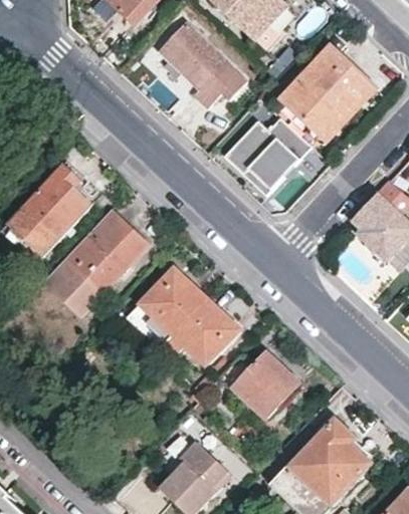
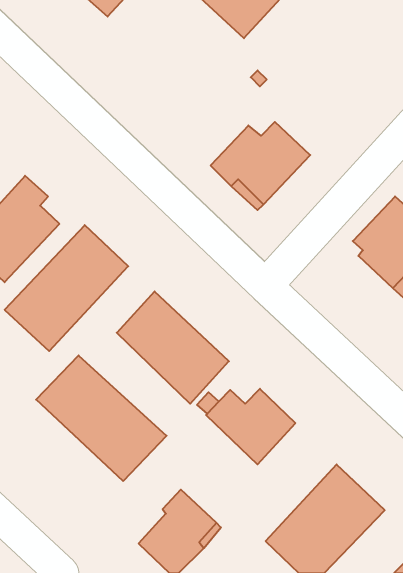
building: [161,20,250,107] -> none
building: [279,46,374,136] -> none
building: none -> [36,355,167,481]

